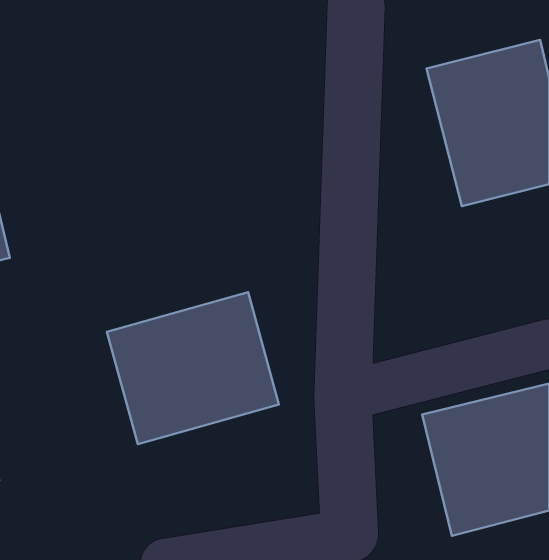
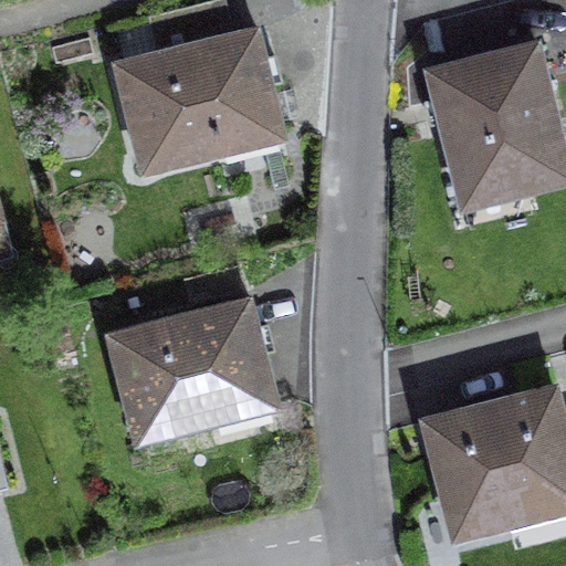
building: none -> [114,28,285,175]

